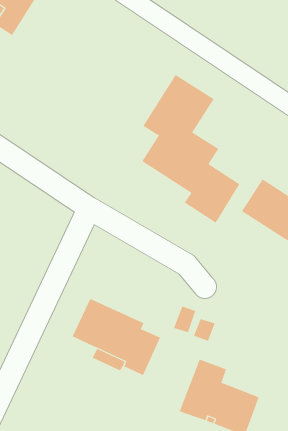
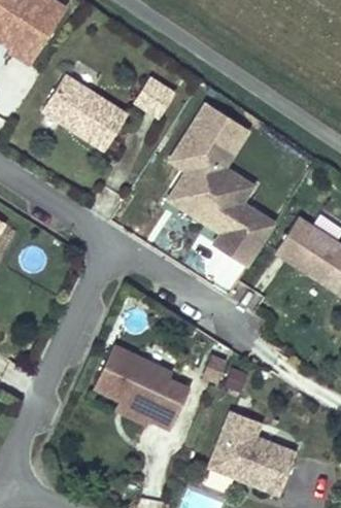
building: none -> [42,74,117,142]
building: none -> [136,74,179,117]

